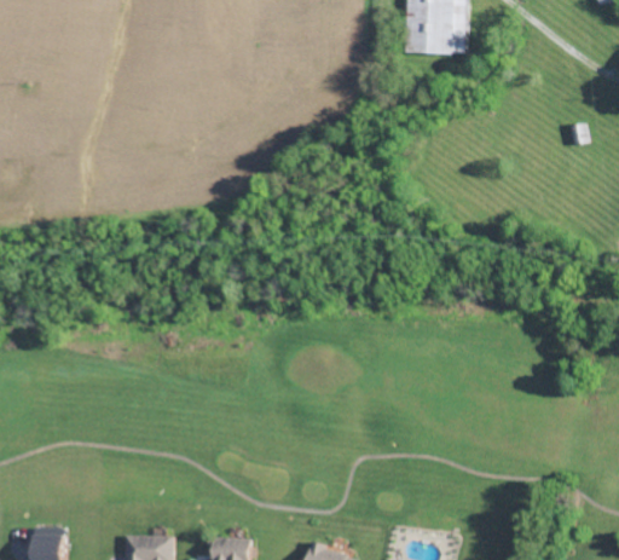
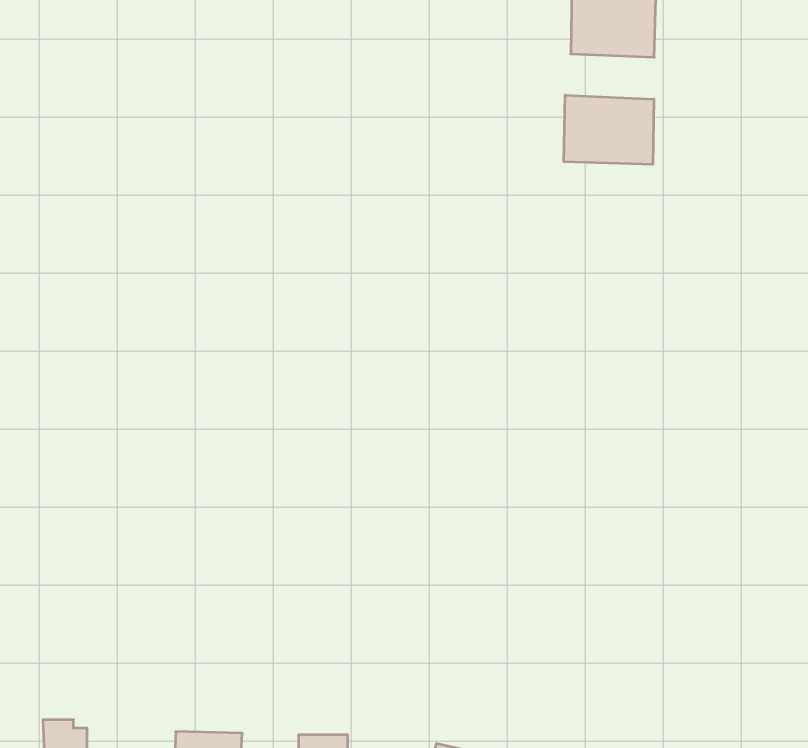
building: none -> [564,95,654,164]

